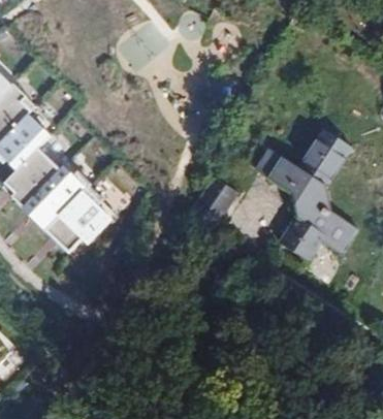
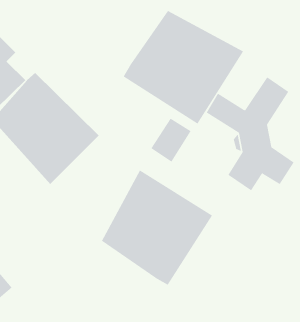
building: none -> [123,10,244,125]
building: none -> [101,169,213,286]

